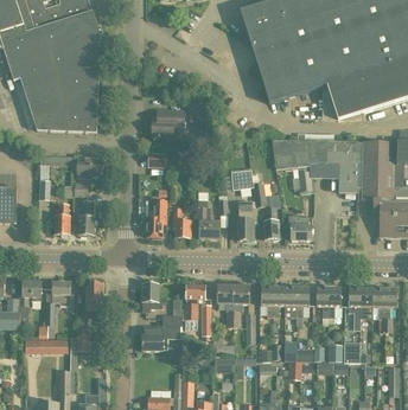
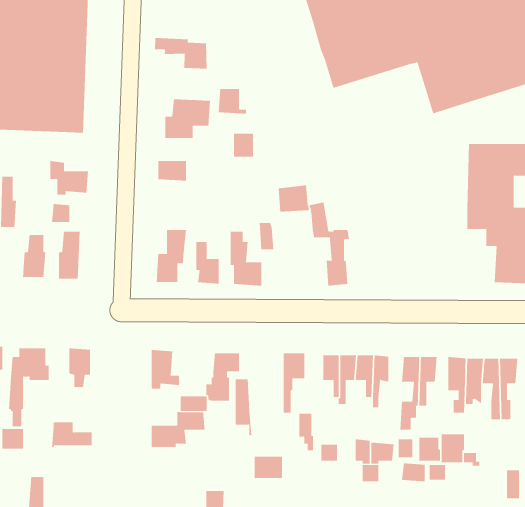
building: none -> [154,37,207,69]
building: [270,137,357,191] -> none
building: [236,200,256,238] -> none
building: [287,213,311,239] -> none
building: [217,284,234,326] -> none

